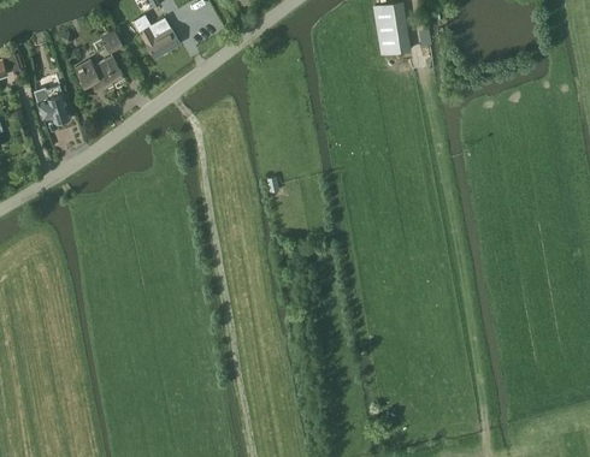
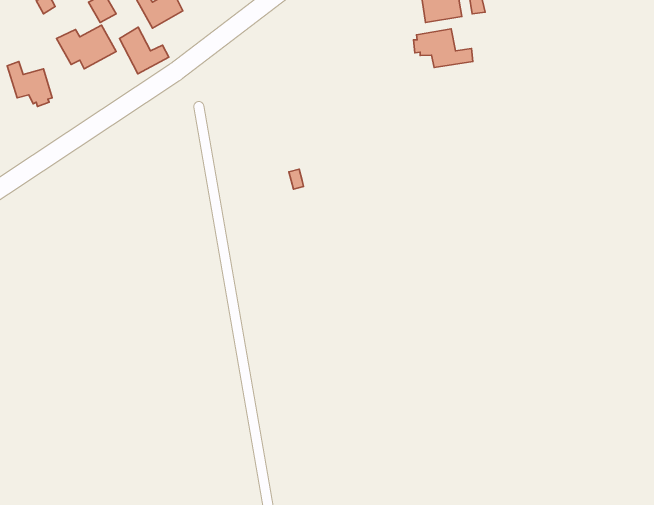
building: none -> [119,27,169,74]
building: none -> [413,29,473,68]

